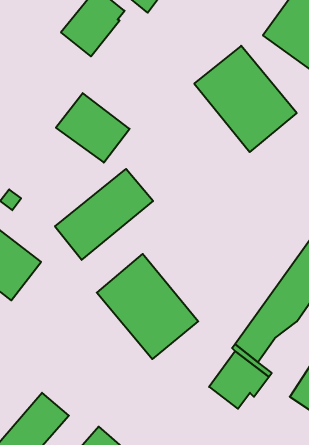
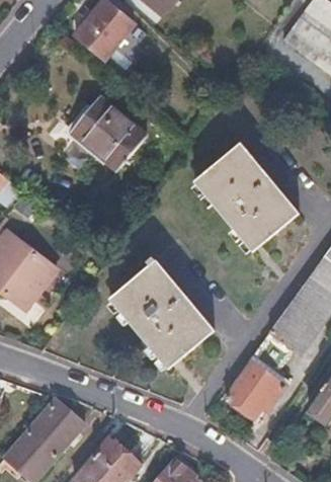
building: [194,46,297,152] -> [194,143,299,251]
building: [55,169,153,260] -> none

